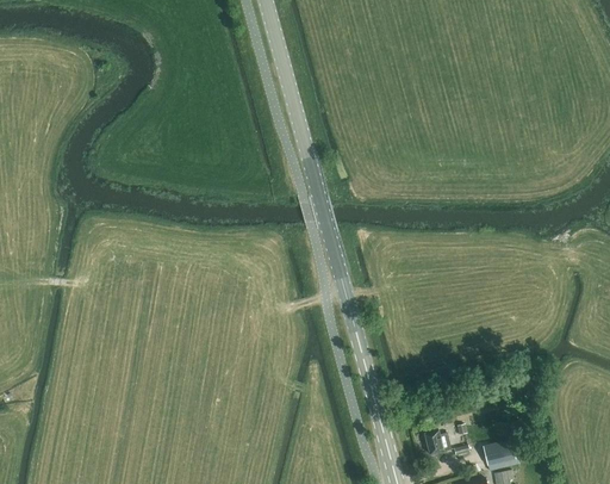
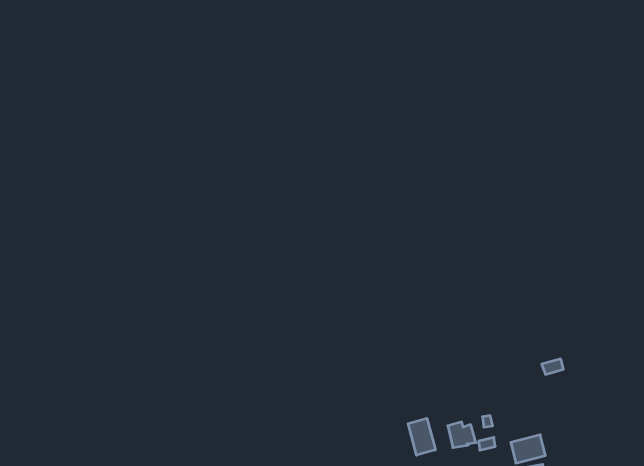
building: none -> [408,418,435,455]

